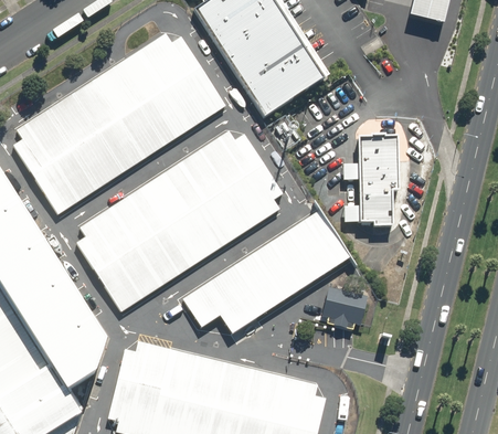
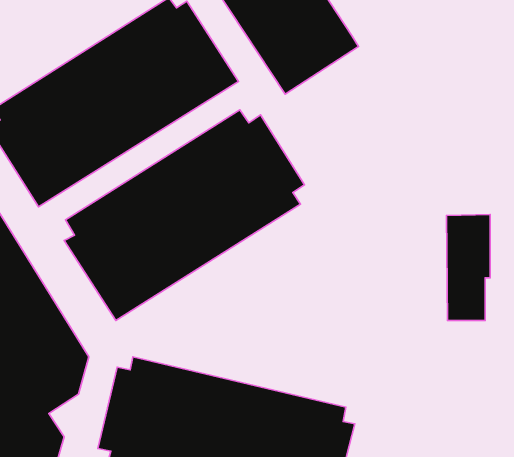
building: [360,136,398,226] -> [446,214,490,320]
building: [183,210,353,335] -> none
building: [320,286,369,324] -> none

